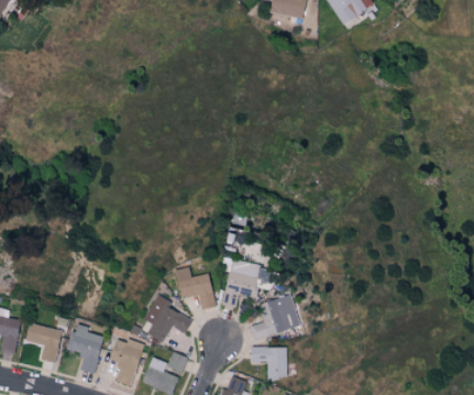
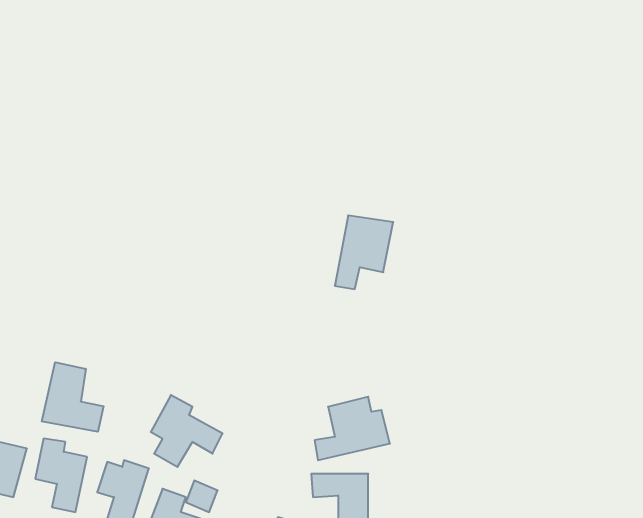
building: [223,260,262,308] -> [335,215,393,289]
building: [174,267,217,309] -> none
building: none -> [42,362,104,432]

